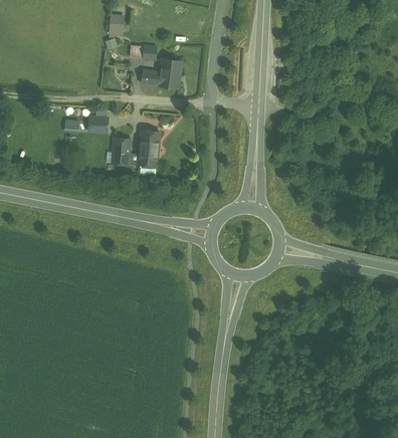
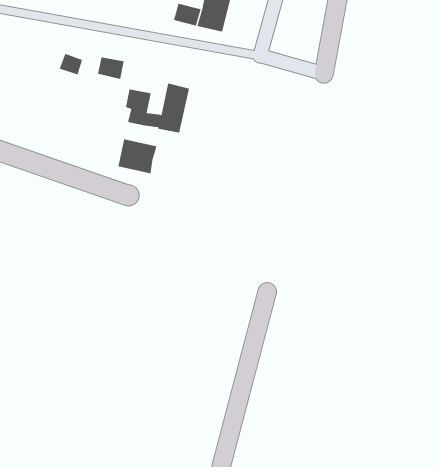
building: none -> [118,138,157,174]

